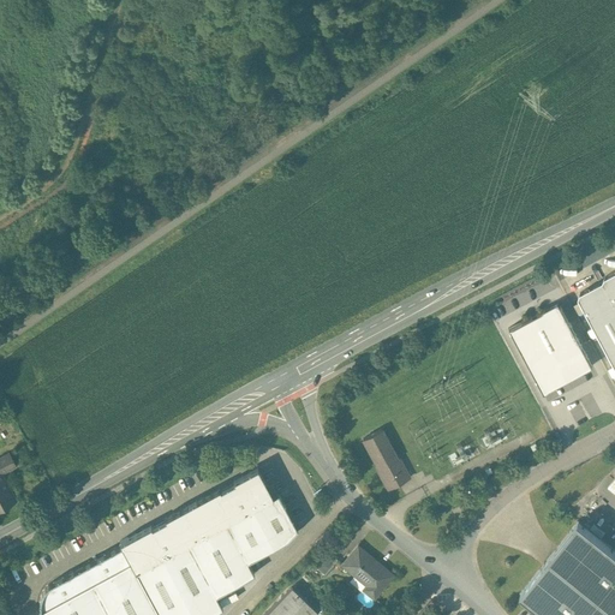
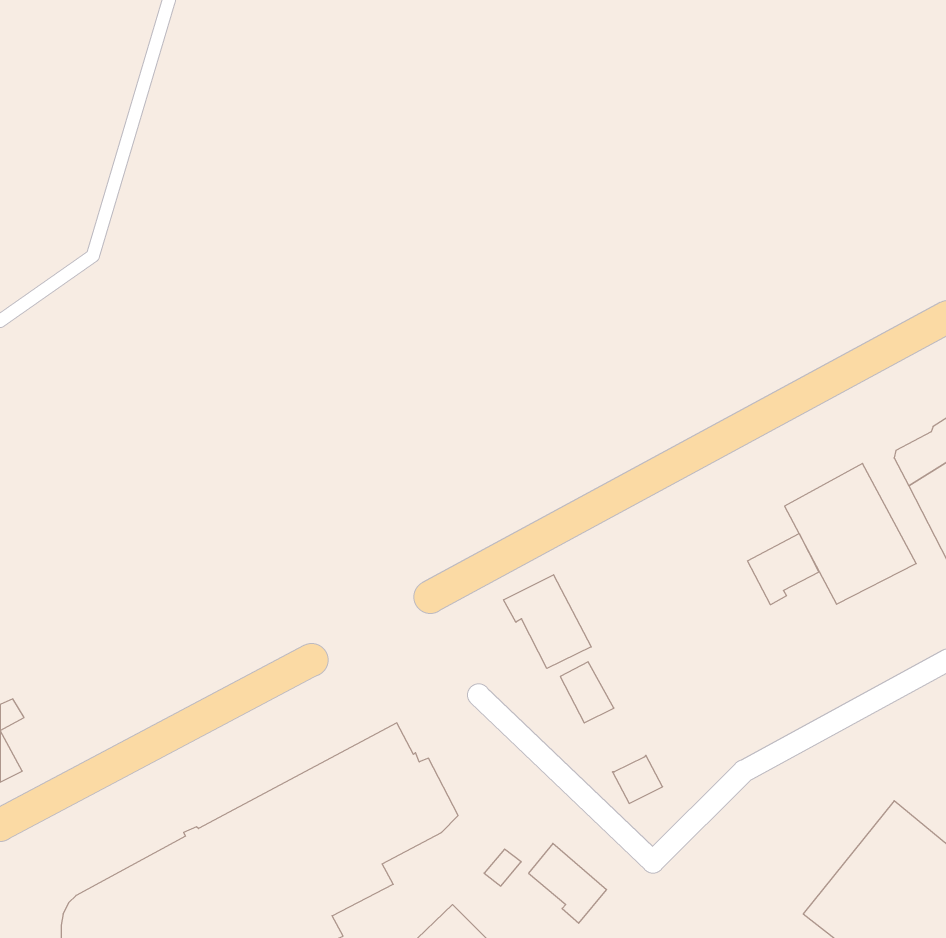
building: none -> [748,533,819,605]
building: none -> [504,575,591,668]
building: [378,464,411,495] -> [612,755,663,803]

